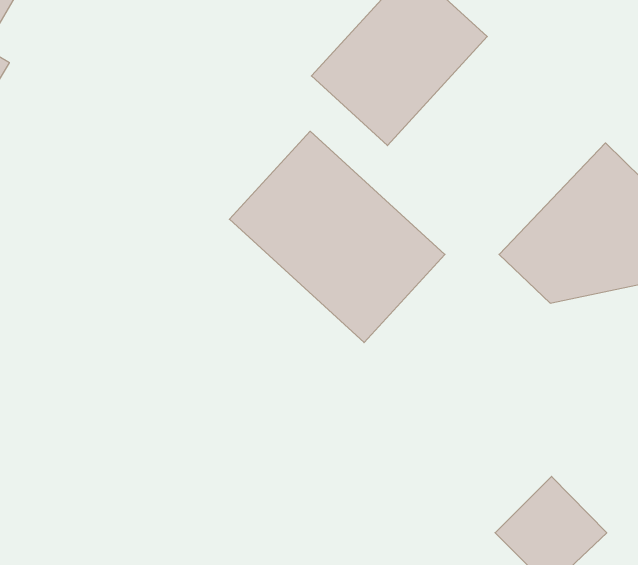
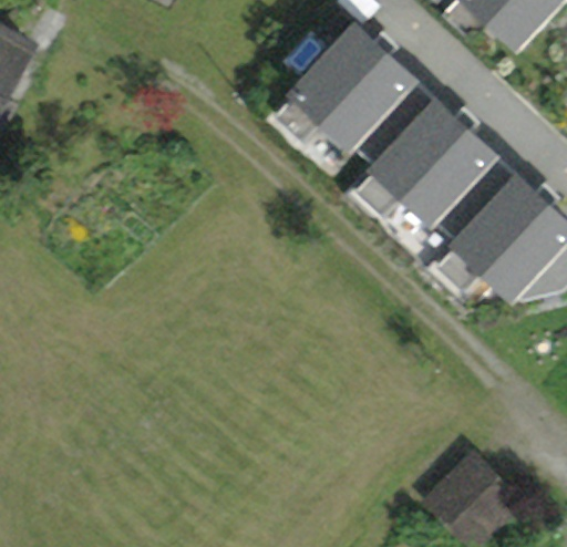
building: none -> [353,99,502,249]
building: [229,131,445,343] -> none

